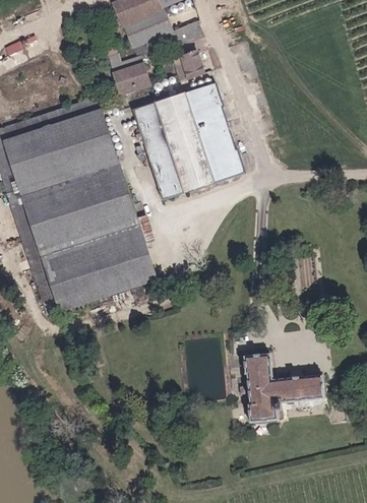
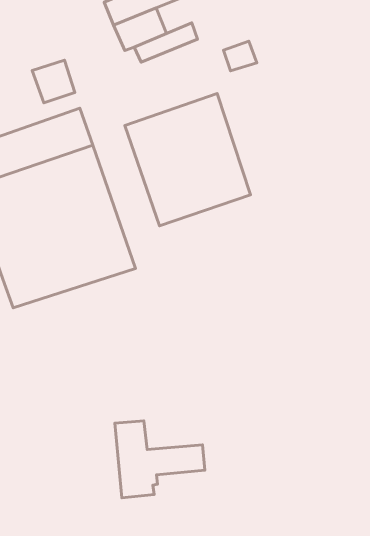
building: [174,52,203,78] -> [223,41,257,71]
building: [111,56,148,93] -> [32,60,75,103]
building: [36,238,161,313] -> none
building: [244,352,323,420] -> [115,421,205,498]

